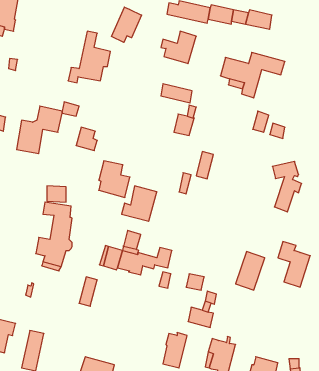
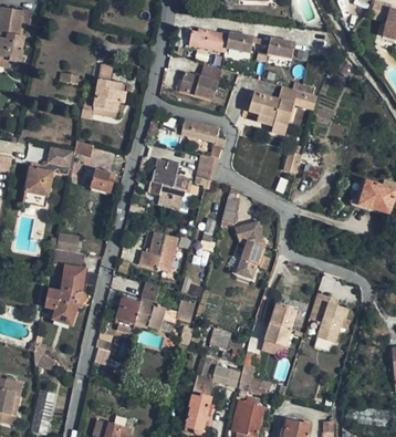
building: [111,7,142,42] -> none
building: [99,161,130,197] -> [152,159,186,199]
building: [272,161,302,212] -> [236,221,268,277]

